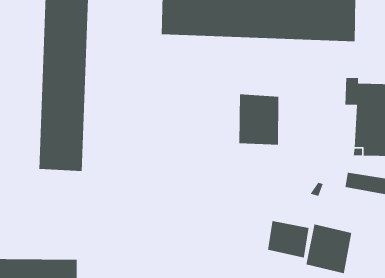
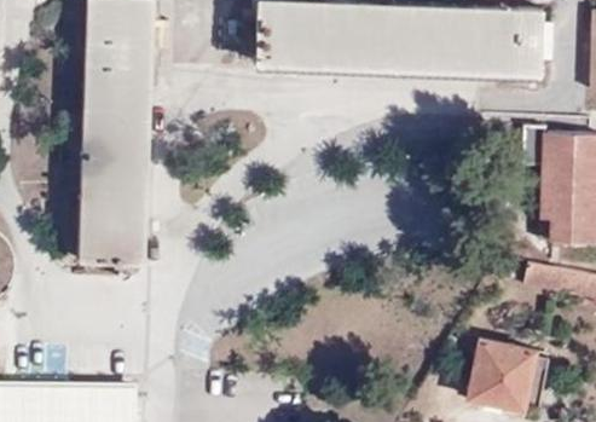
building: [238,93,279,146] -> none
building: [267,220,309,258] -> none

